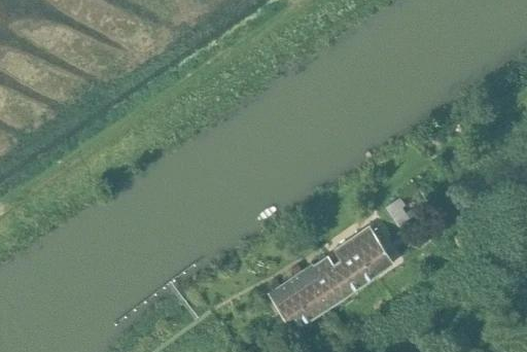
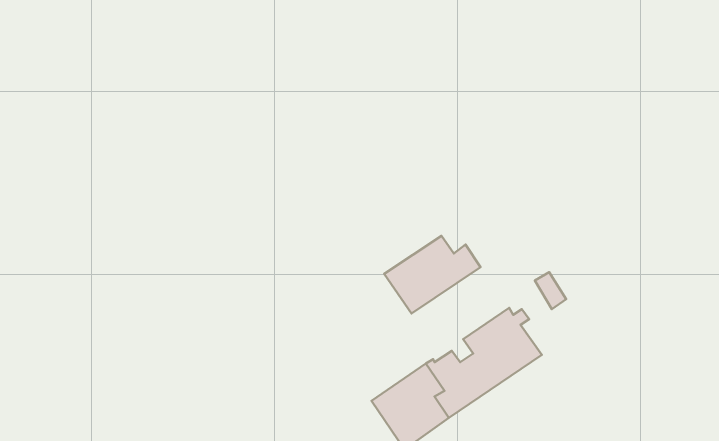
building: none -> [384,236,481,314]

